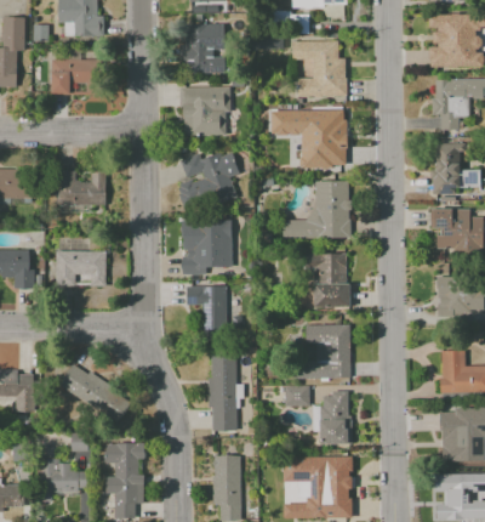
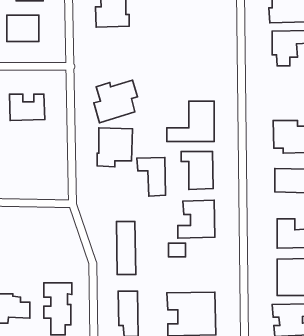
building: [292,41,347,97] -> none
building: [182,86,232,136] -> none
building: [272,110,347,168] -> none
building: [432,143,464,195] -> none
building: [56,250,107,286] -> none
building: [187,285,228,341] -> [137,157,166,196]
building: [58,363,133,424] -> none
building: [320,393,352,444] -> none

